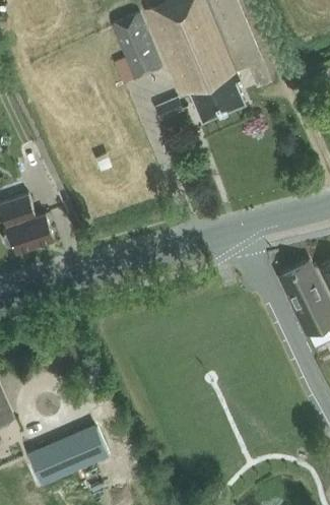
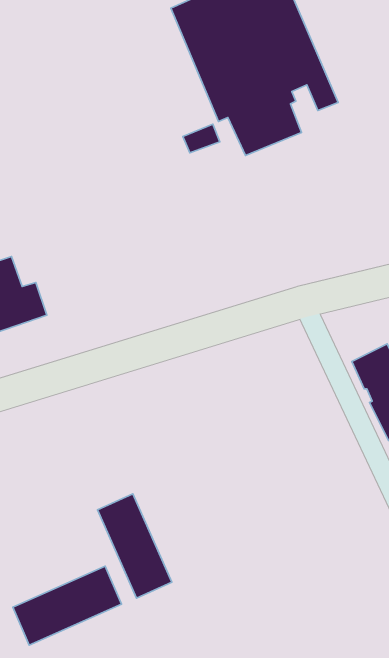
building: [111,13,162,84] -> none
building: none -> [98,494,172,598]

